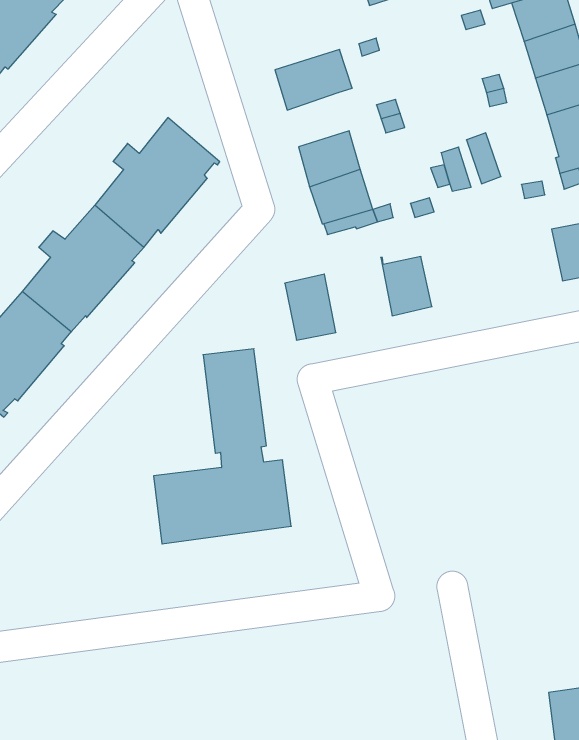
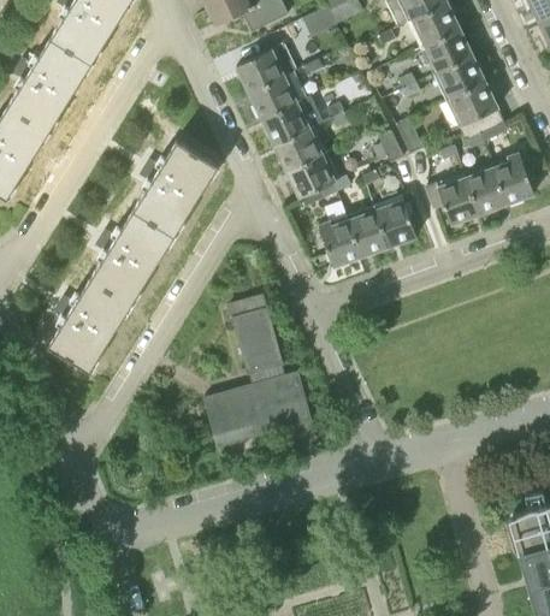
building: none -> [237,42,296,91]
building: none -> [262,101,309,144]
building: none -> [426,177,479,223]
building: none -> [374,190,422,245]
building: [285,274,336,340] -> [318,215,360,266]

